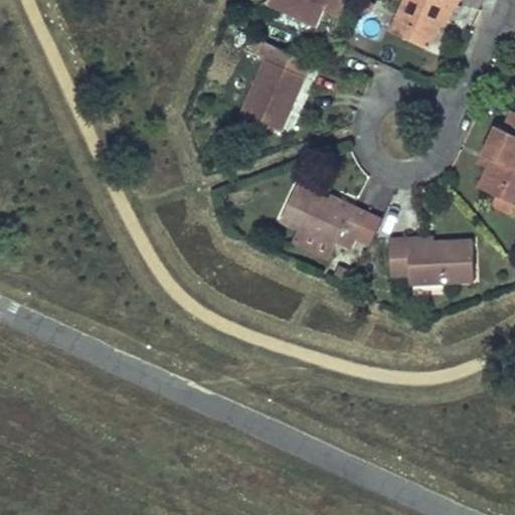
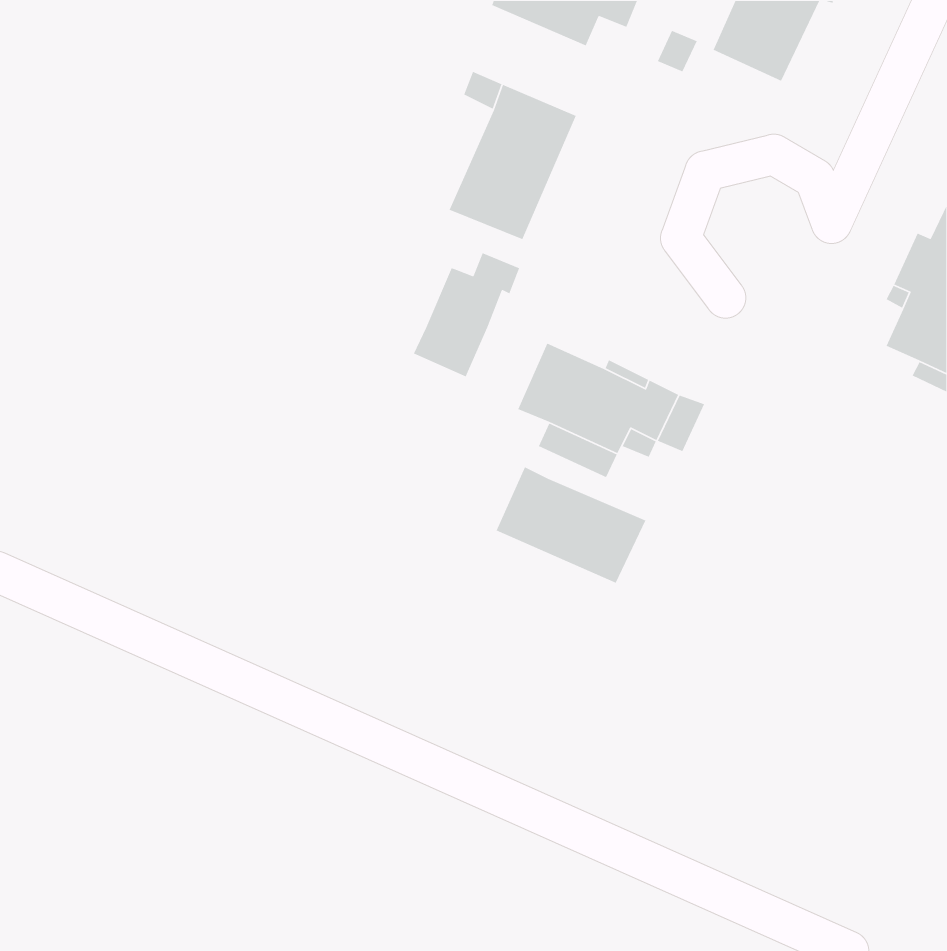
building: none -> [413,252,520,378]
building: [388,238,474,285] -> none
building: none -> [496,466,646,584]

